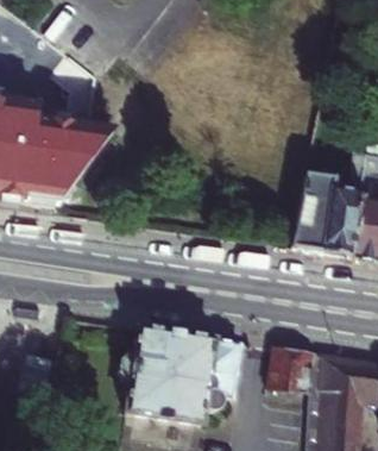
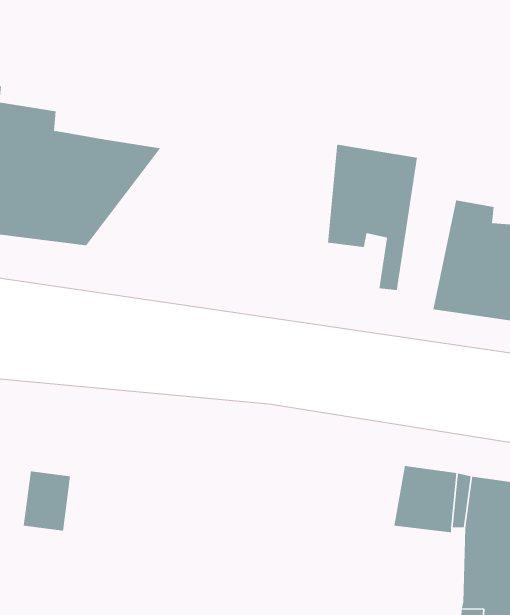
building: none -> [328,144,418,291]
building: [118,326,240,424] -> none

